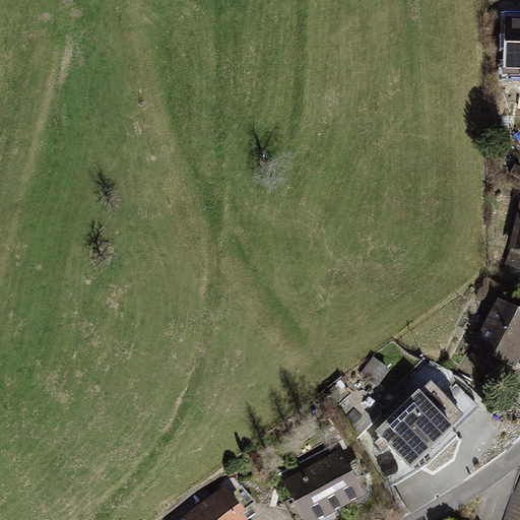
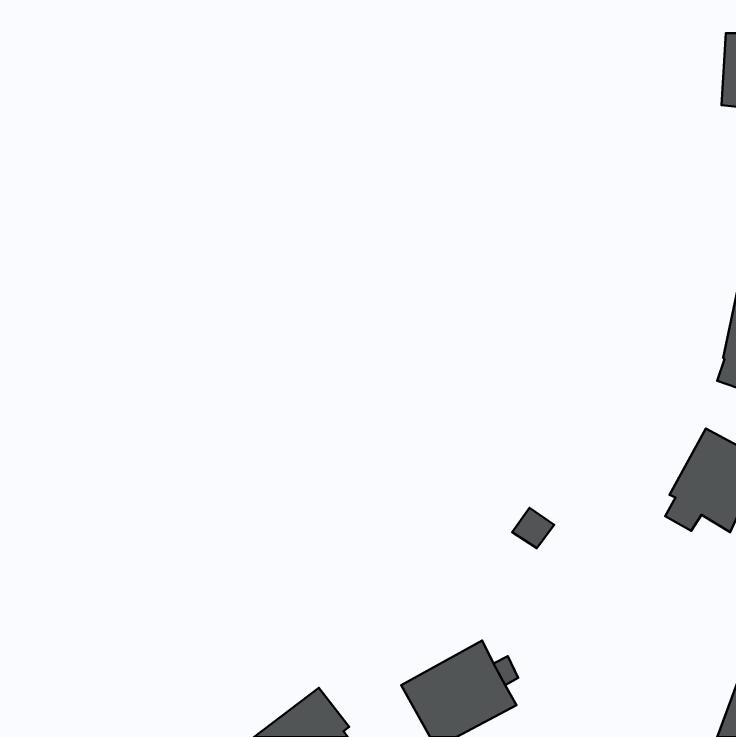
building: [376,381,477,469] -> none

